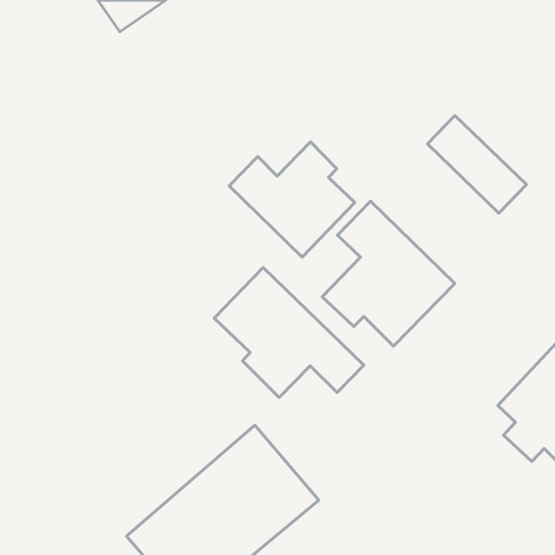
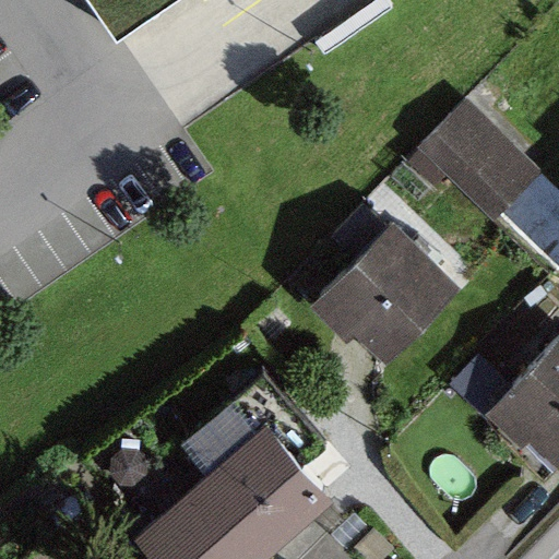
building: [229,142,355,257] -> none
building: [214,267,364,397] -> none

